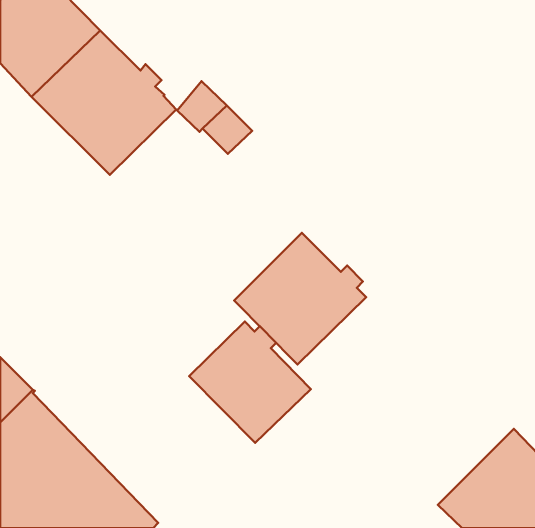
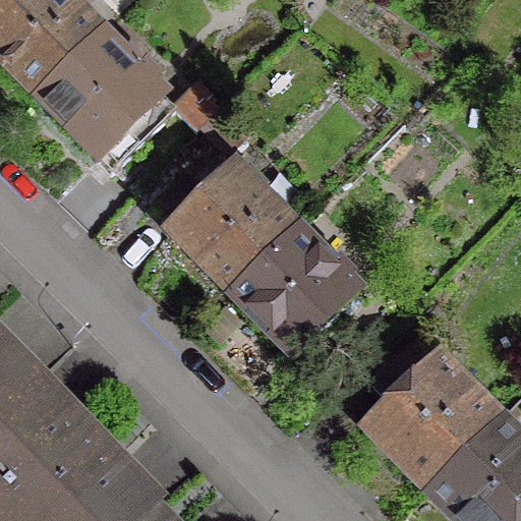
building: none -> [147,155,295,290]
building: [189,321,311,443] -> none
building: none -> [365,330,500,487]

